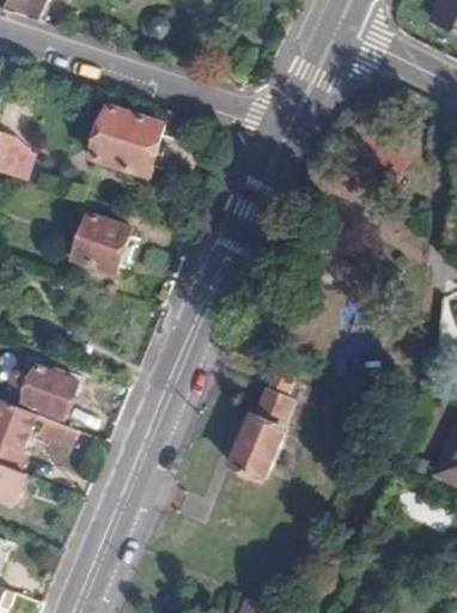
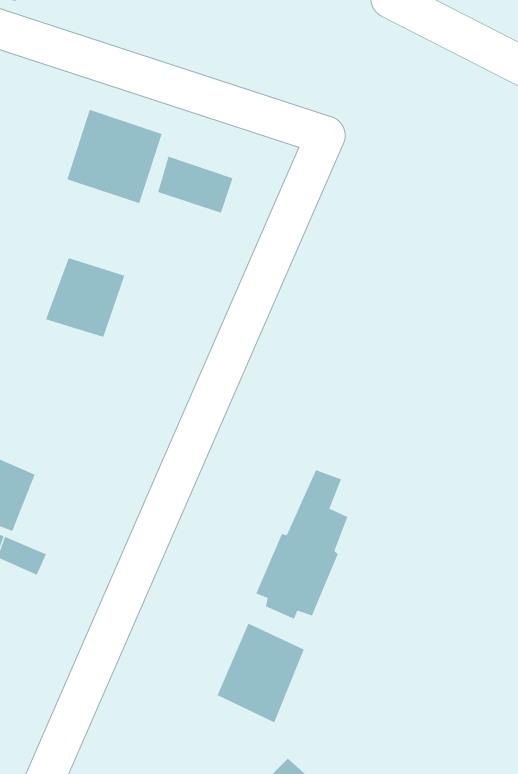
building: none -> [157,156,233,214]
building: none -> [217,623,305,723]

